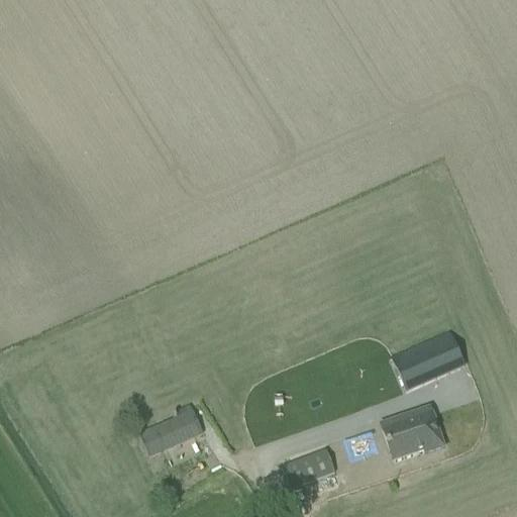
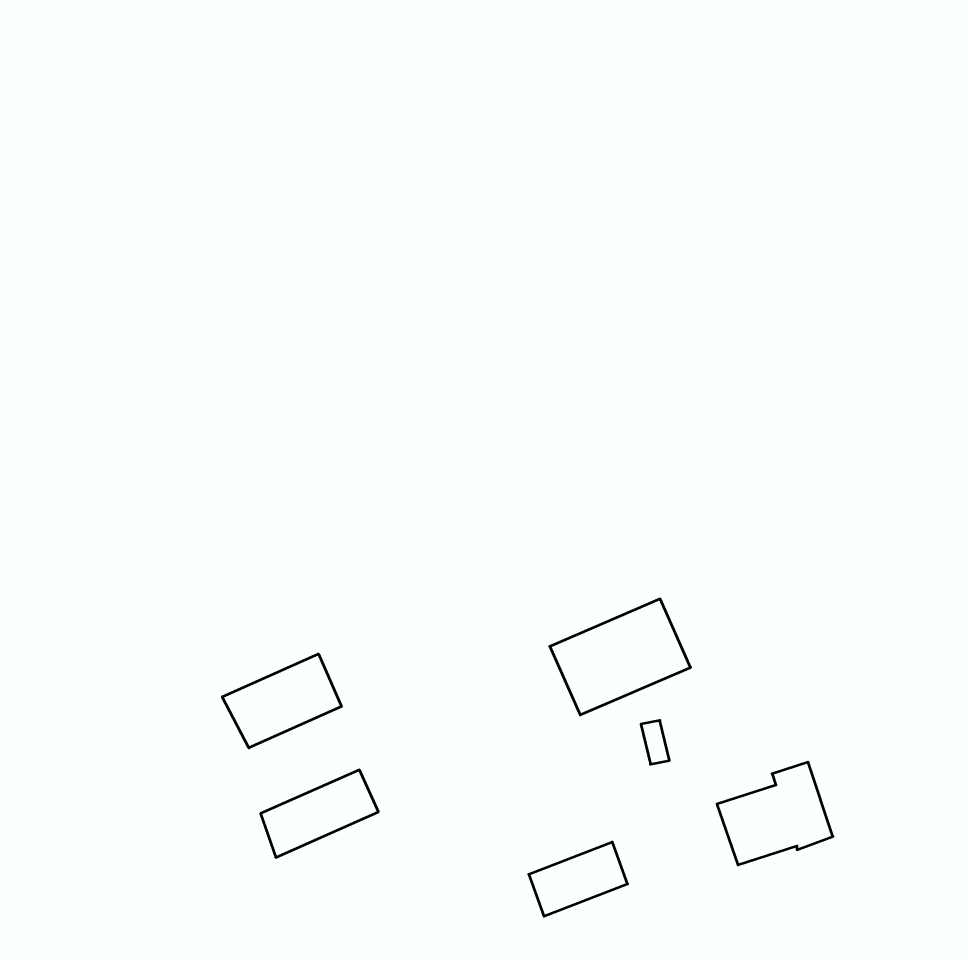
building: [392,328,467,390] -> [550,599,691,715]
building: none -> [222,654,341,748]

